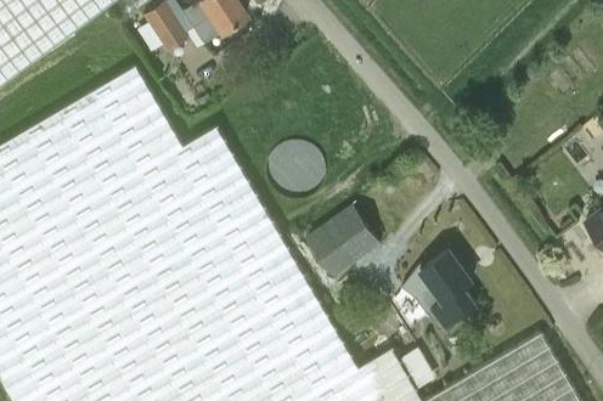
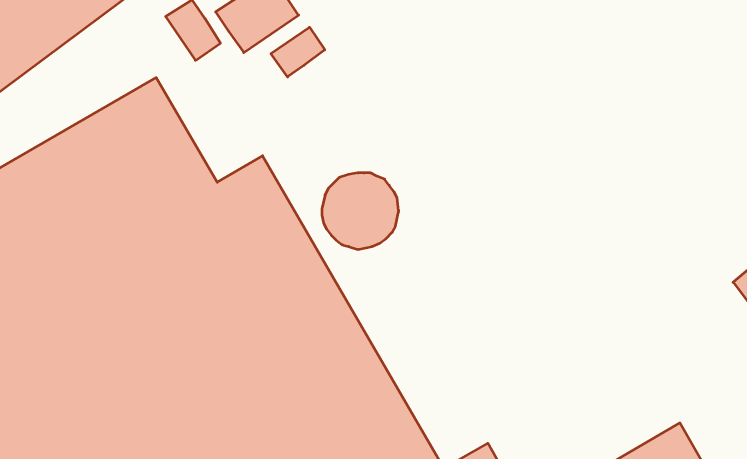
building: none -> [271,27,325,77]
building: [306,203,383,276] -> none
building: [401,250,478,333] -> none

